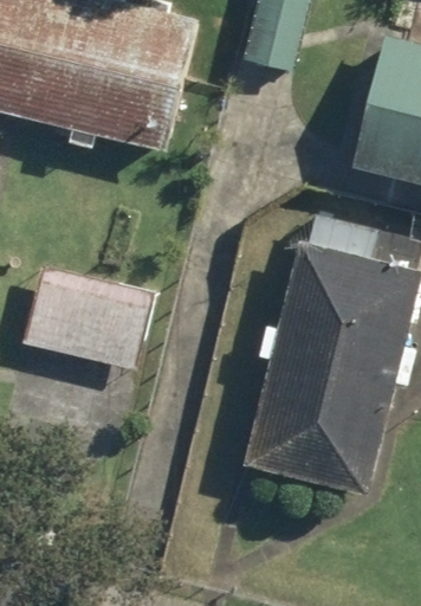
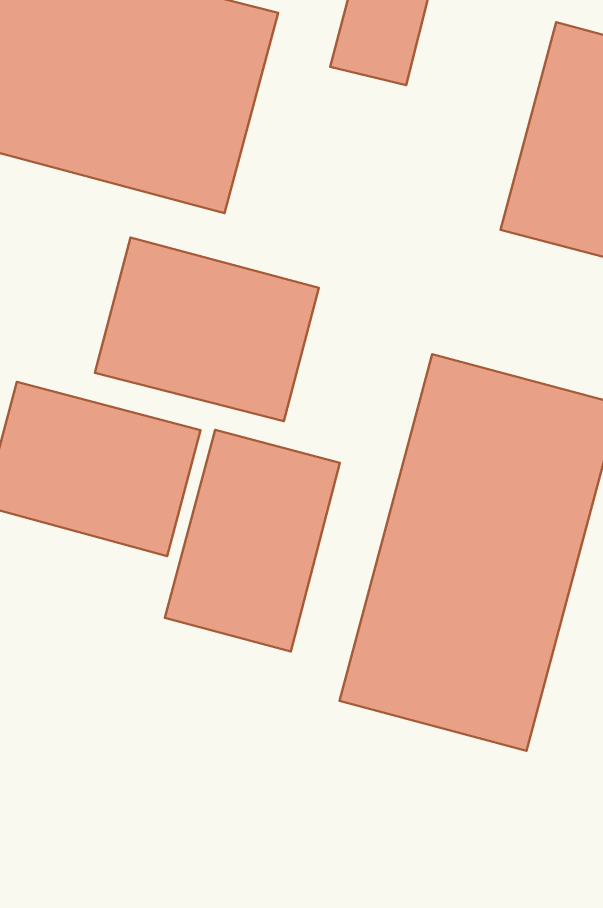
building: none -> [95,238,319,421]
building: none -> [165,430,340,651]

